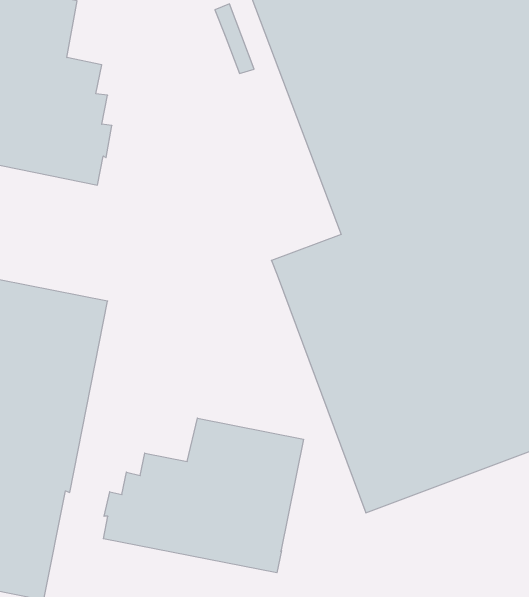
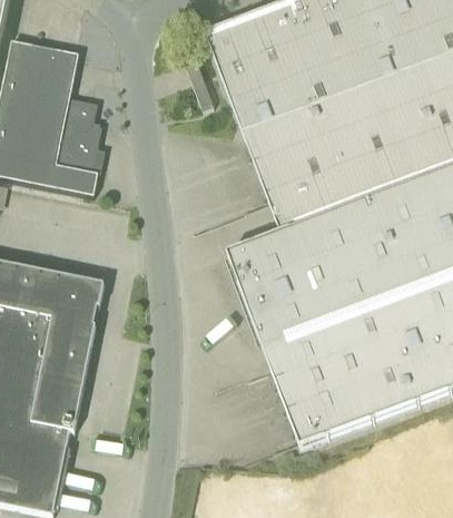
building: [103,418,303,573] -> none

